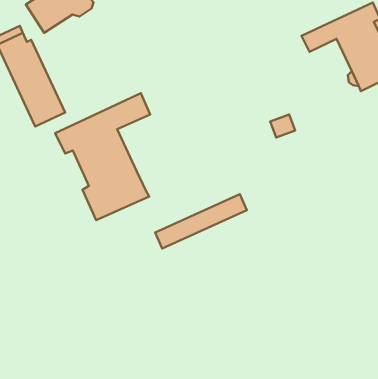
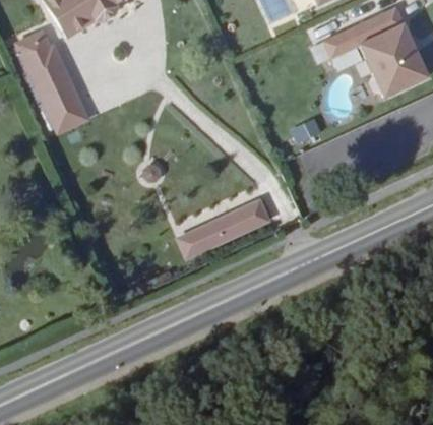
building: [55,93,150,220] -> none

